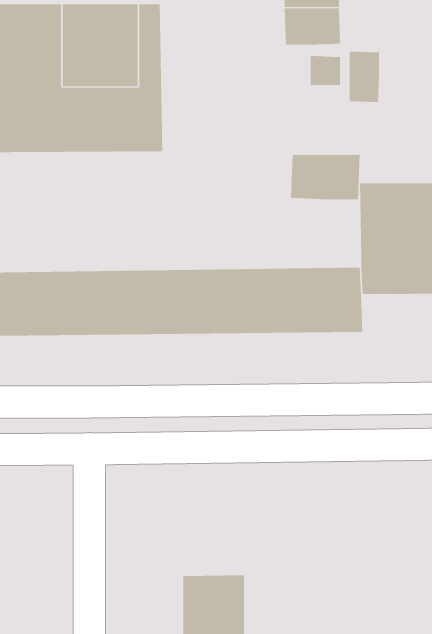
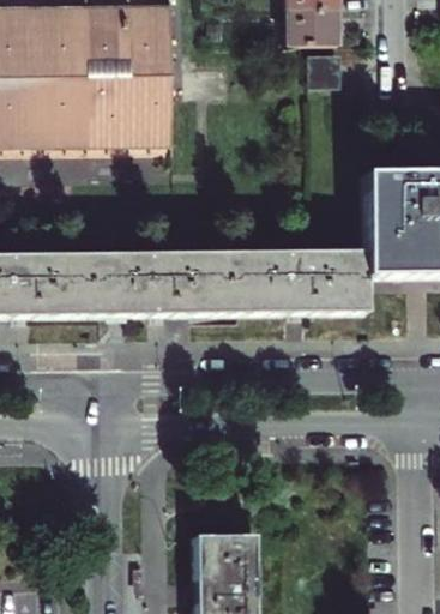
building: [349,51,379,103] -> none
building: [291,154,360,200] -> none

